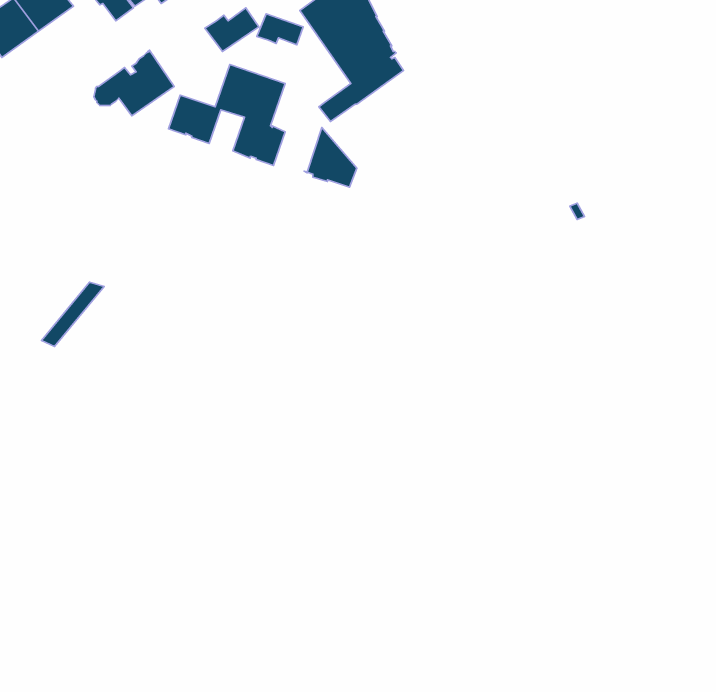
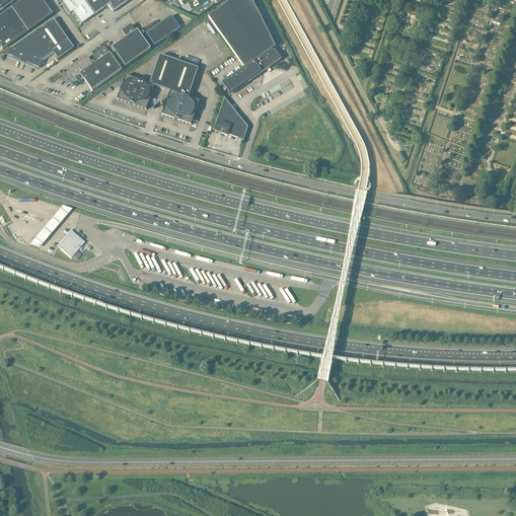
building: none -> [6,16,73,65]
building: [257,14,303,45] -> none
building: none -> [113,21,151,64]
building: none -> [56,230,83,257]

